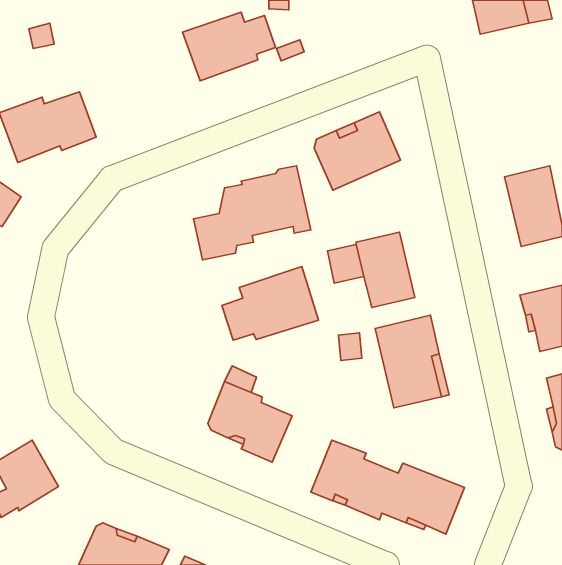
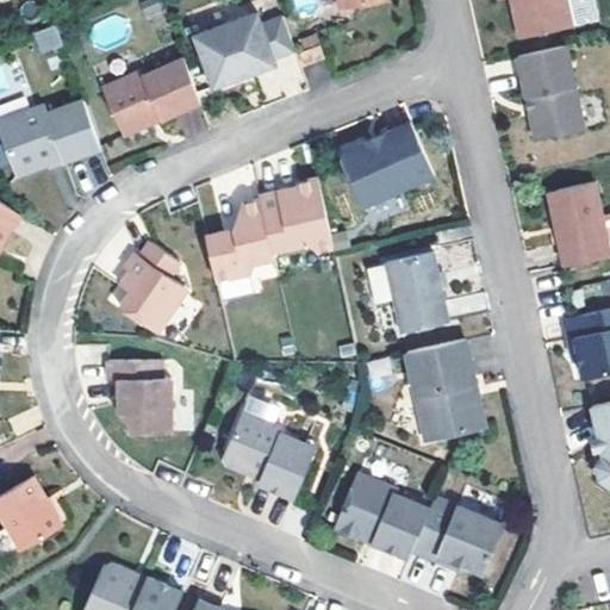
building: none -> [515,46,580,138]
building: none -> [105,60,203,136]
building: none -> [119,249,183,341]
building: [222,267,318,340] -> none
building: none -> [110,360,174,432]

